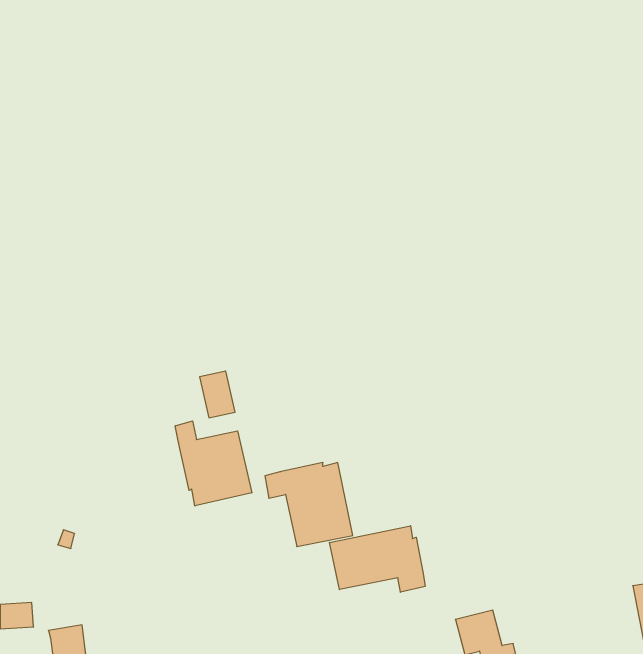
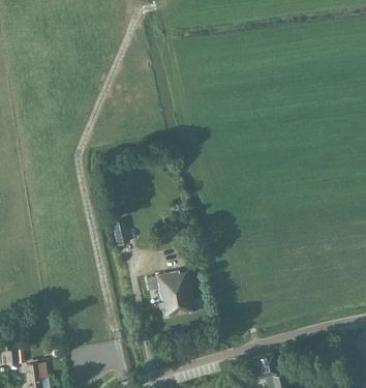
building: [175,421,252,506] -> none
building: [329,526,425,592] -> none

